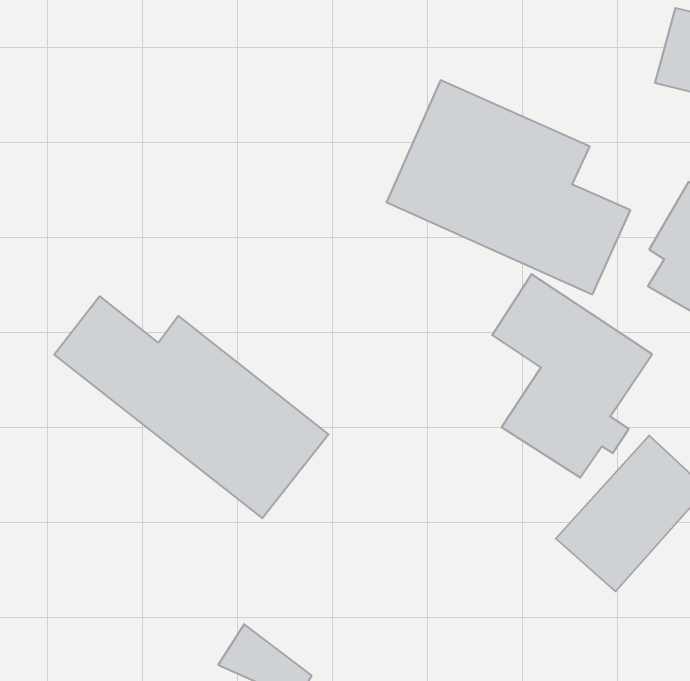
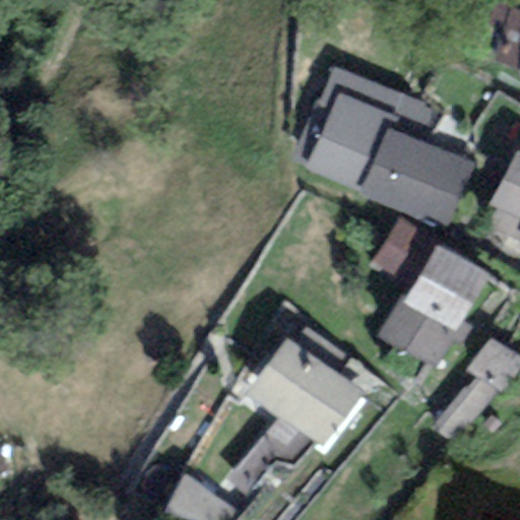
building: [54,296,329,518] -> none
building: none -> [230,331,366,504]

